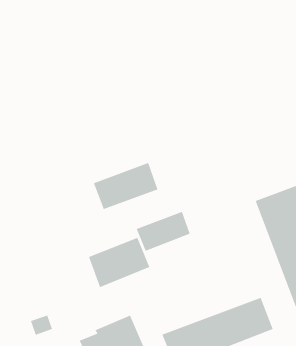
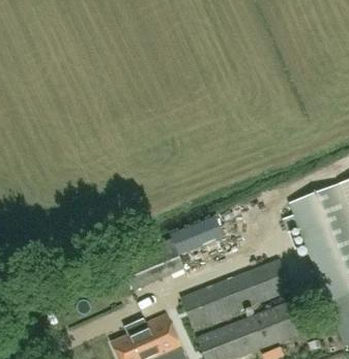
building: [93,162,158,210] -> none
building: none -> [182,258,293,328]

